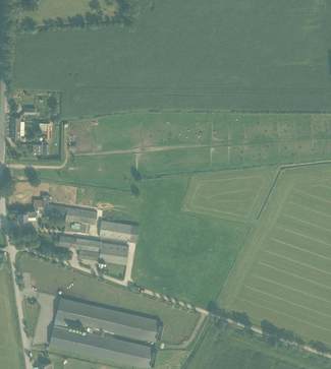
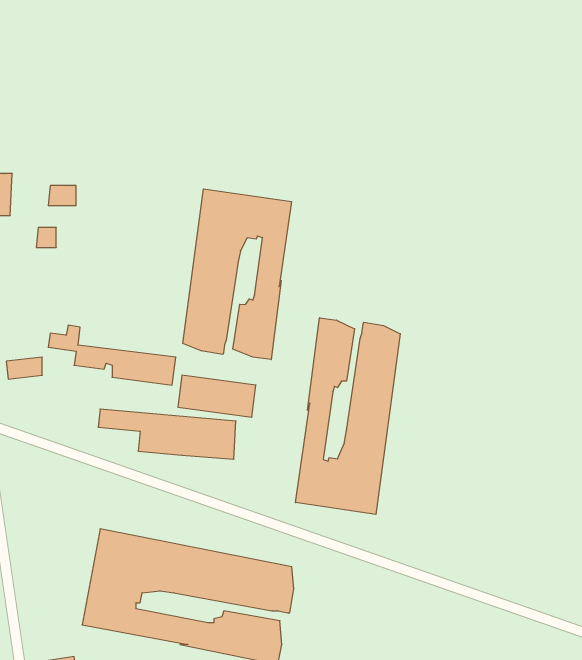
building: none -> [183,189,291,360]
building: none -> [296,318,400,514]

